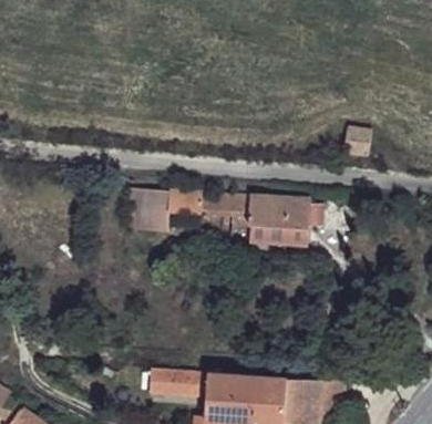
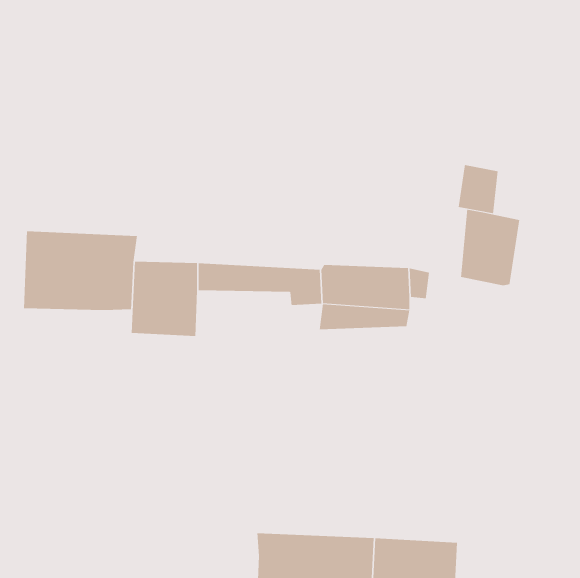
building: none -> [460,209,520,286]
building: none -> [23,231,138,311]
building: [150,369,207,391] -> none

